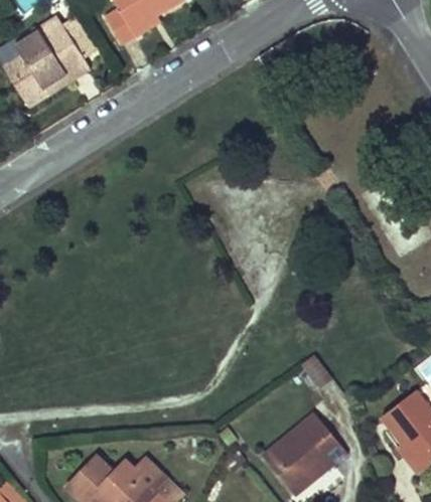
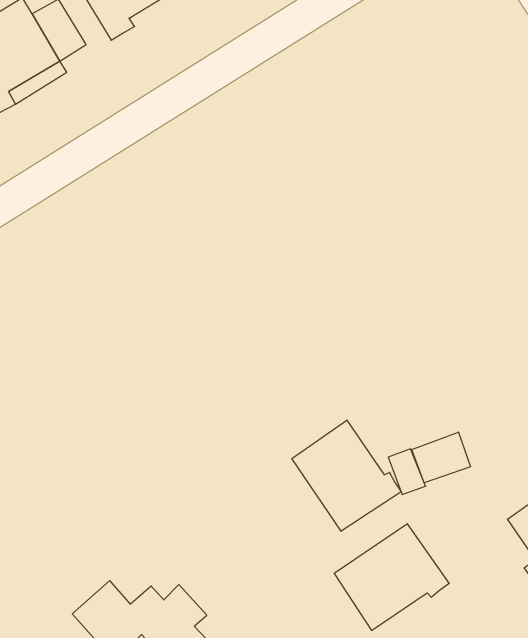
building: none -> [292,420,401,531]
building: none -> [412,432,470,483]

